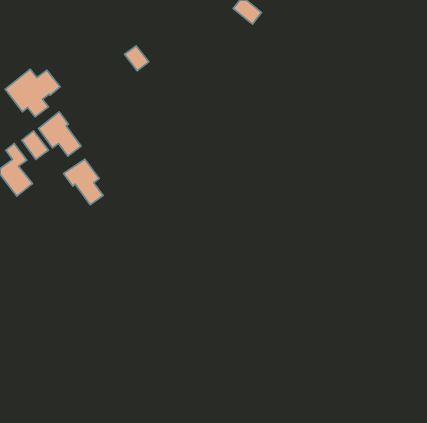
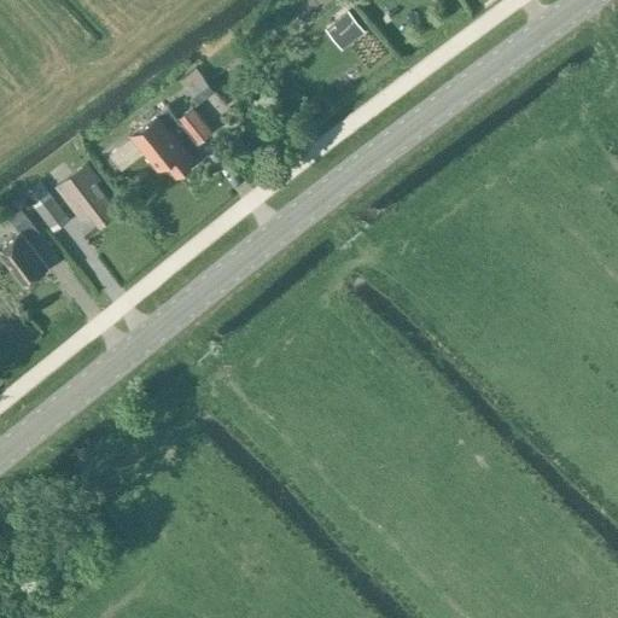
building: [5,69,60,117] -> [132,110,211,179]
building: [63,159,103,205] -> none

